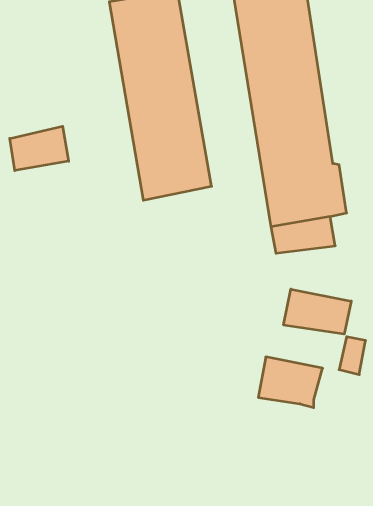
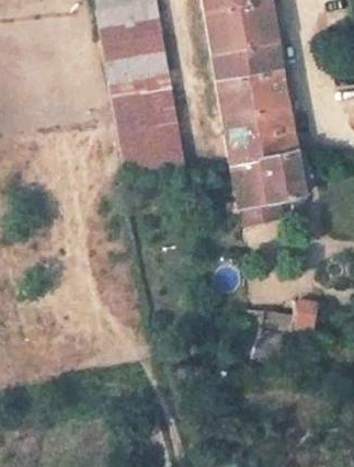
building: [10,126,69,171] -> none
building: [284,289,351,334] -> none

